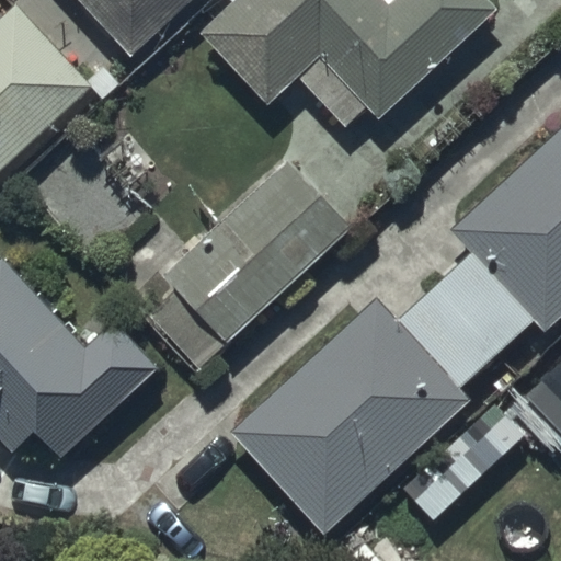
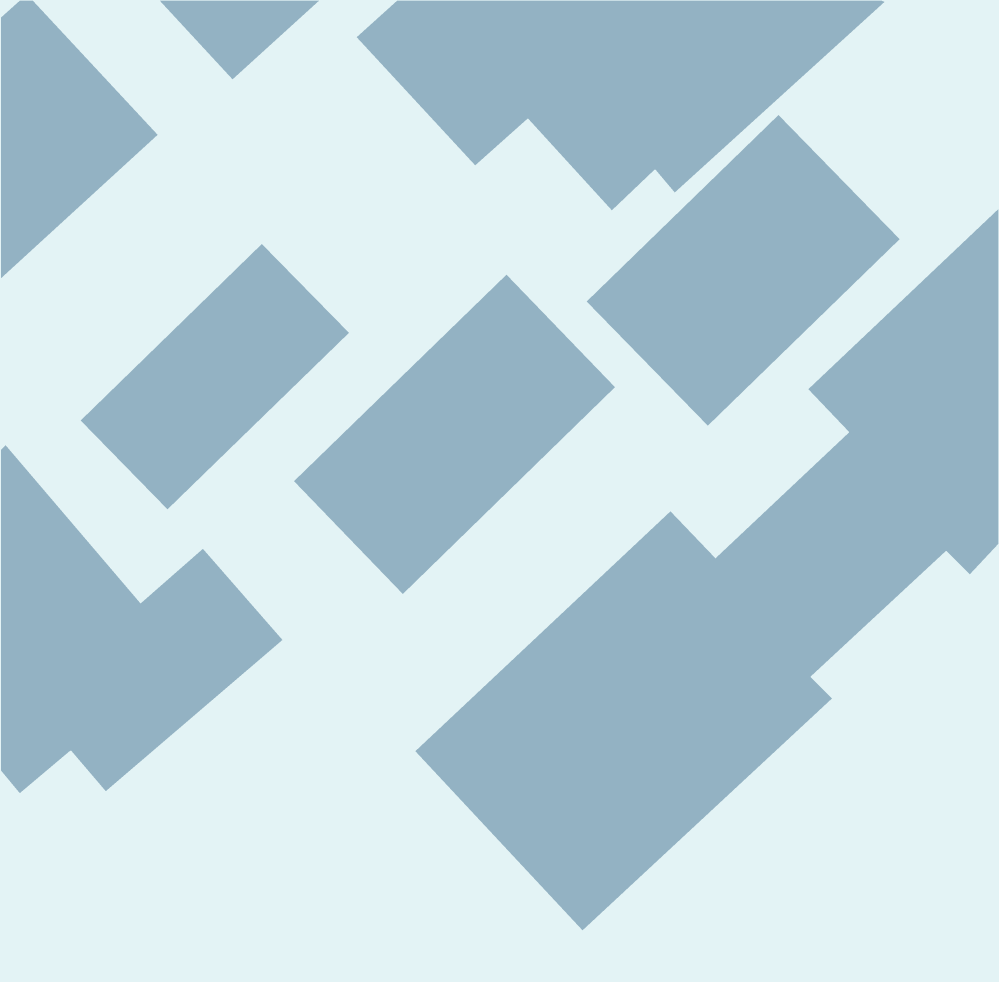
building: none -> [586,114,901,427]
building: none -> [80,243,350,510]

